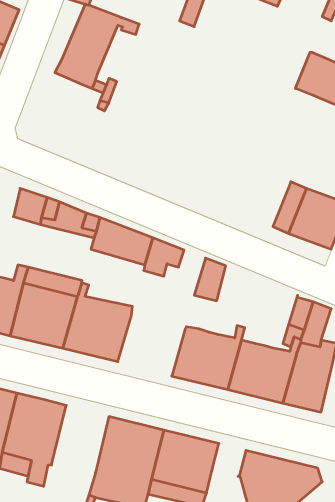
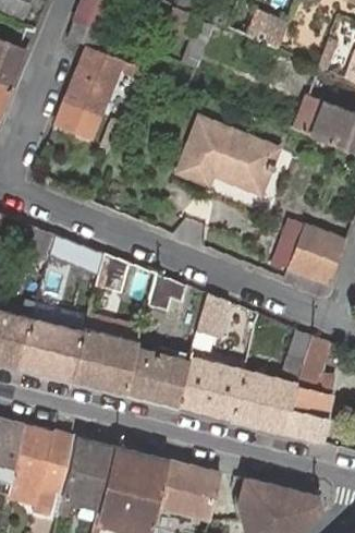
building: none -> [176,119,278,194]
building: none -> [122,349,187,408]
building: none -> [58,437,113,517]

